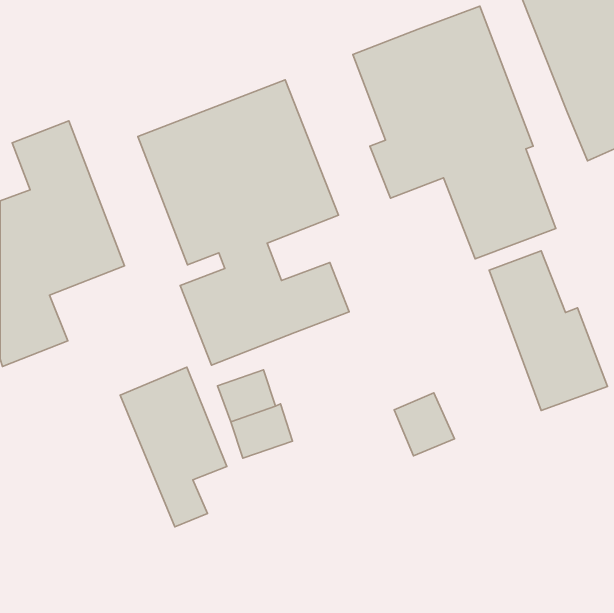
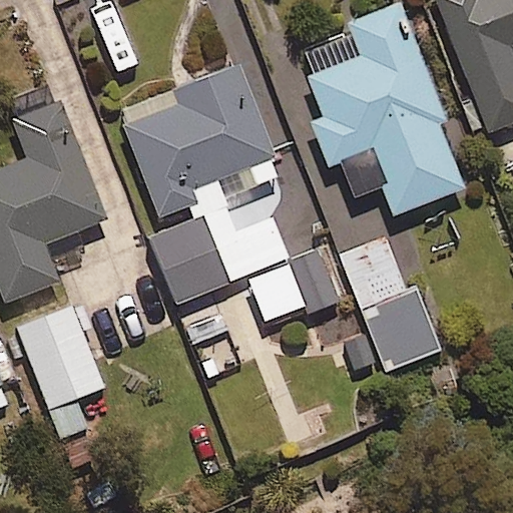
building: [489,251,608,411] -> [343,238,441,371]
building: none -> [247,248,342,322]
building: [120,367,227,527] -> [16,306,104,438]

